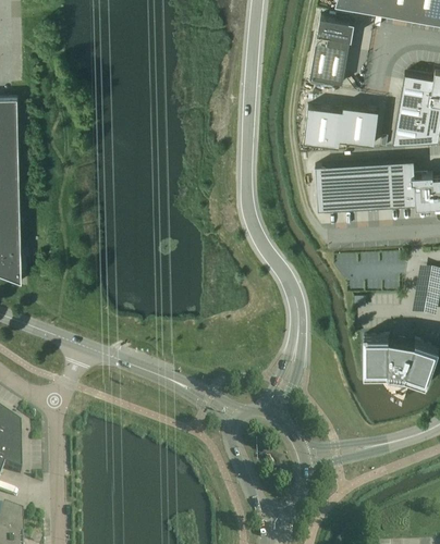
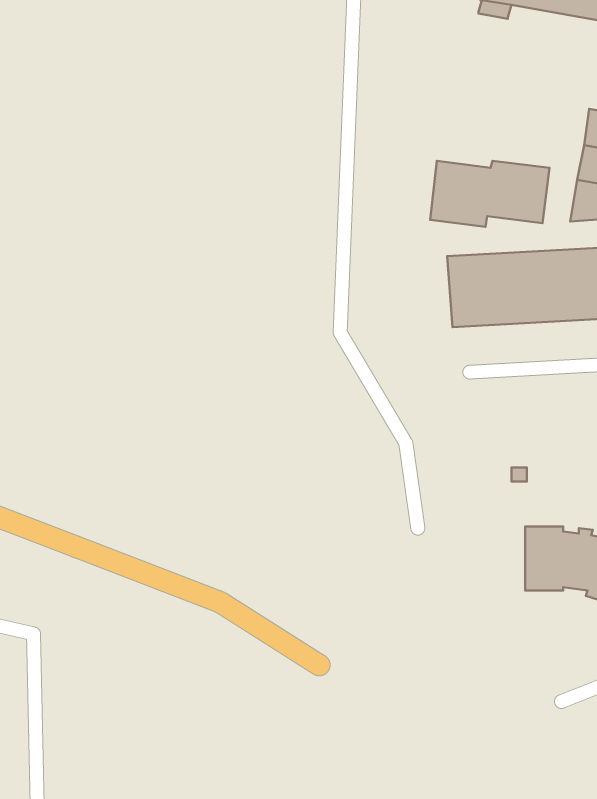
building: [308,17,353,86] -> none

